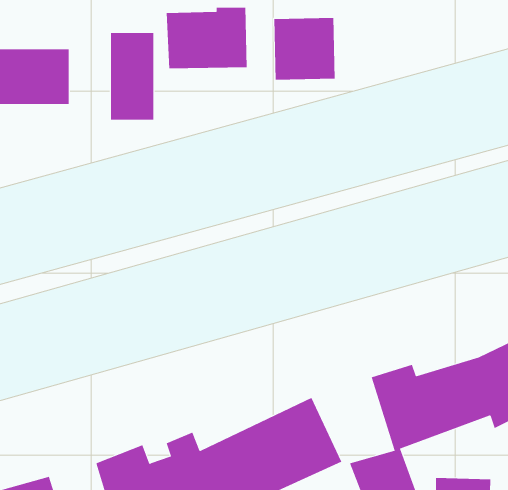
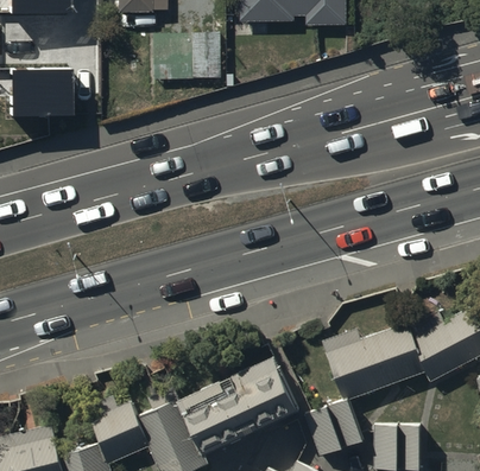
building: [274,17,335,81] -> none
building: [111,32,154,120] -> none

